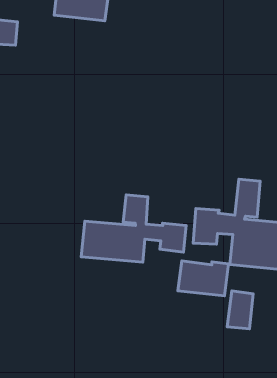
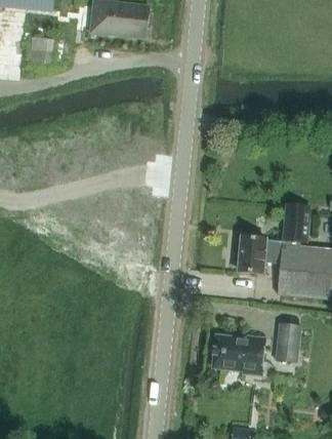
building: [81,195,186,262] -> none
building: [178,261,228,296] -> [211,334,264,371]

